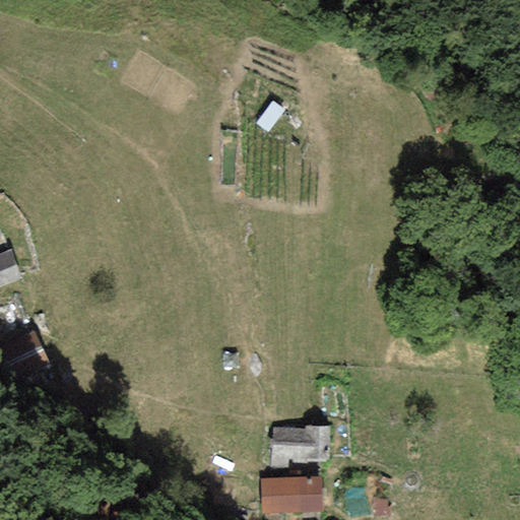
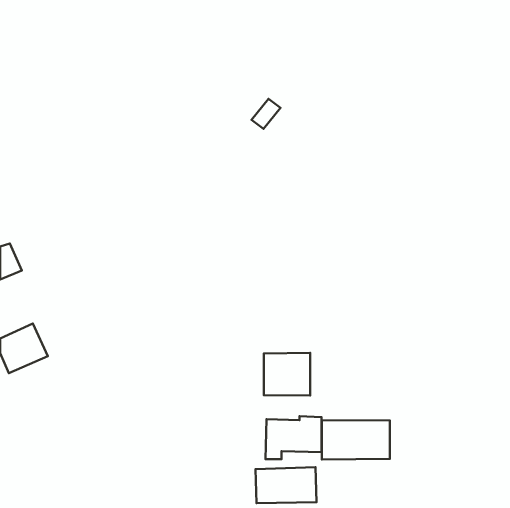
building: none -> [264,353,310,395]
building: none -> [322,420,390,460]

